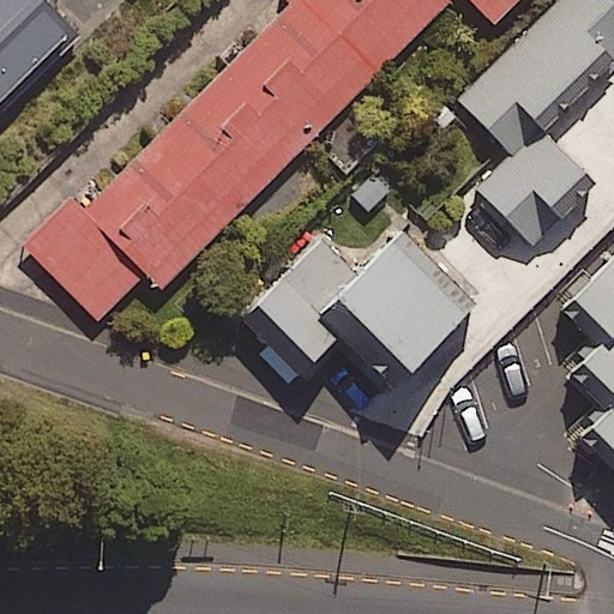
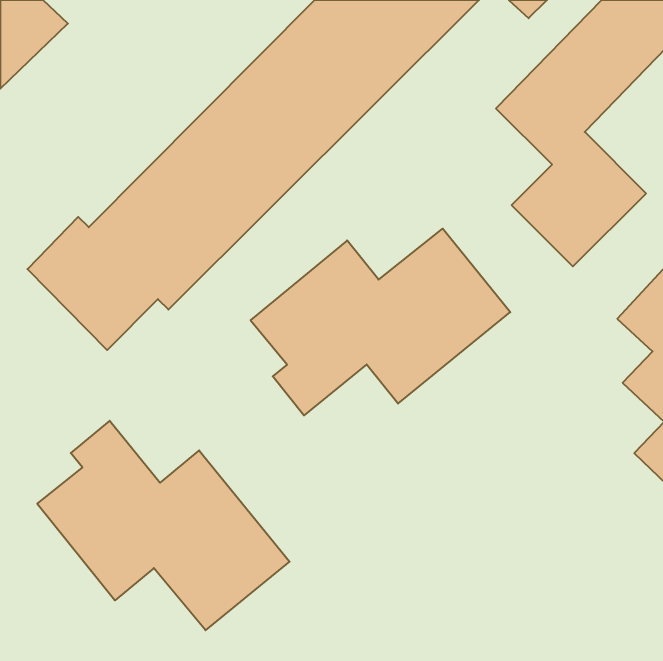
building: none -> [37,421,290,630]

